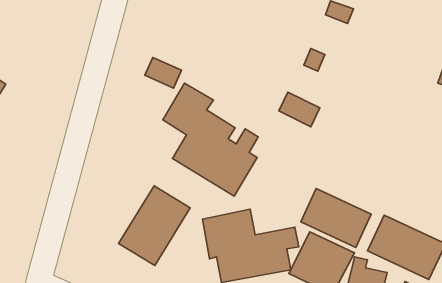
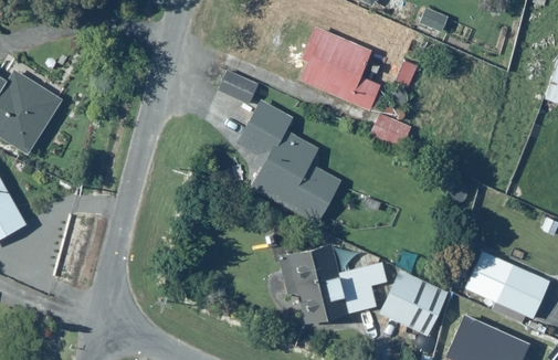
building: none -> [298,23,380,112]
building: [119,186,190,265] -> none
building: [301,188,371,248] -> none

